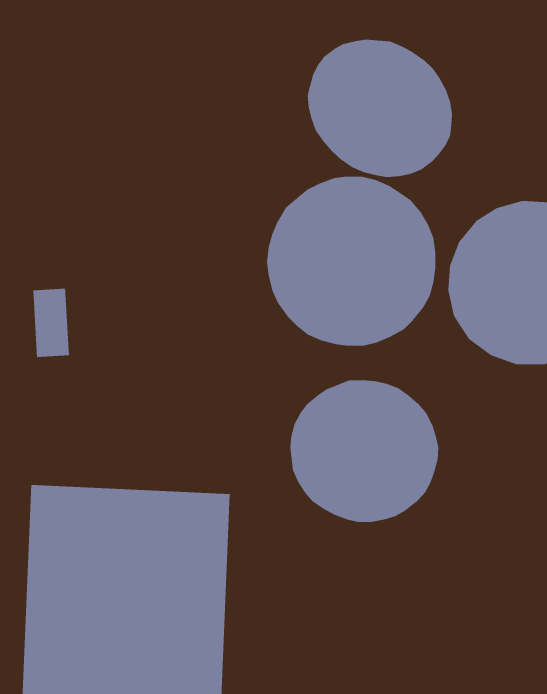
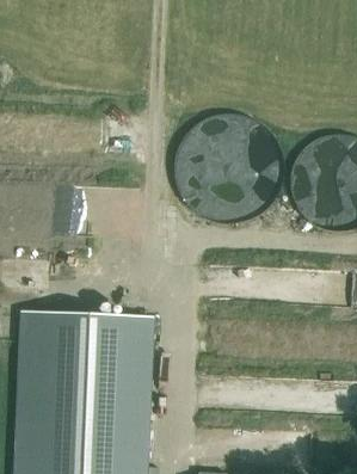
building: [307,39,452,178] -> none
building: [290,379,439,523] -> none

